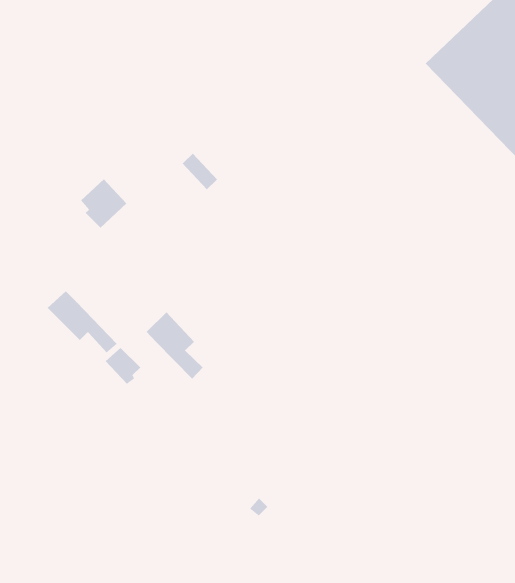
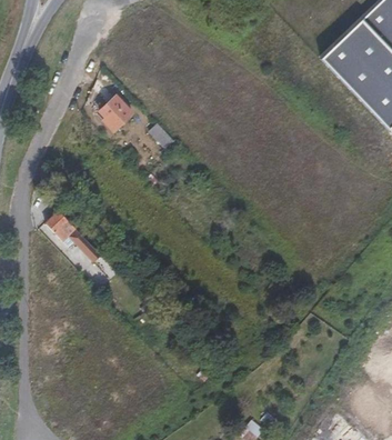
building: [80,178,127,229] -> [99,94,132,130]
building: [146,311,203,380] -> none

